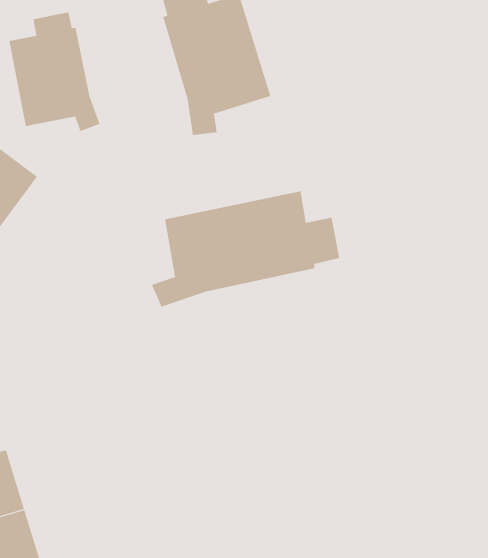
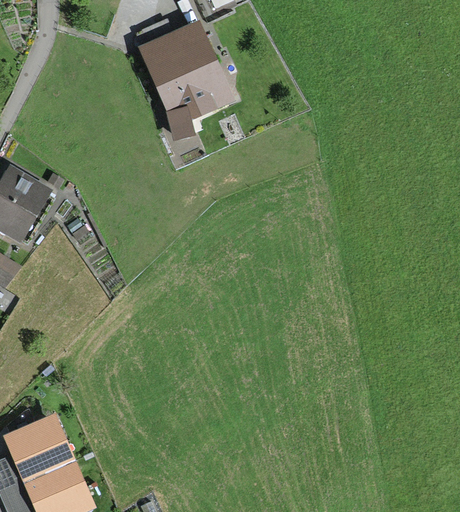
building: [9,12,100,132] -> none
building: [151,191,340,307] -> none

